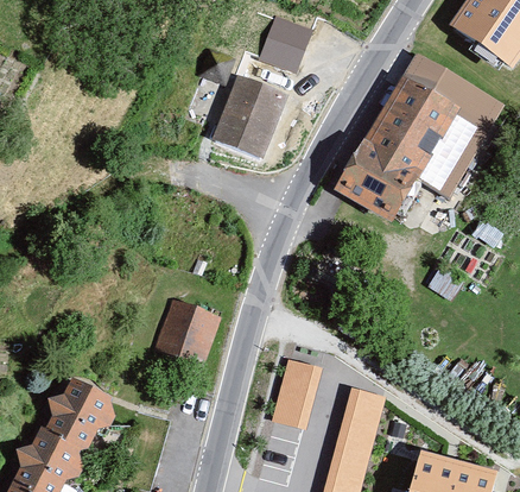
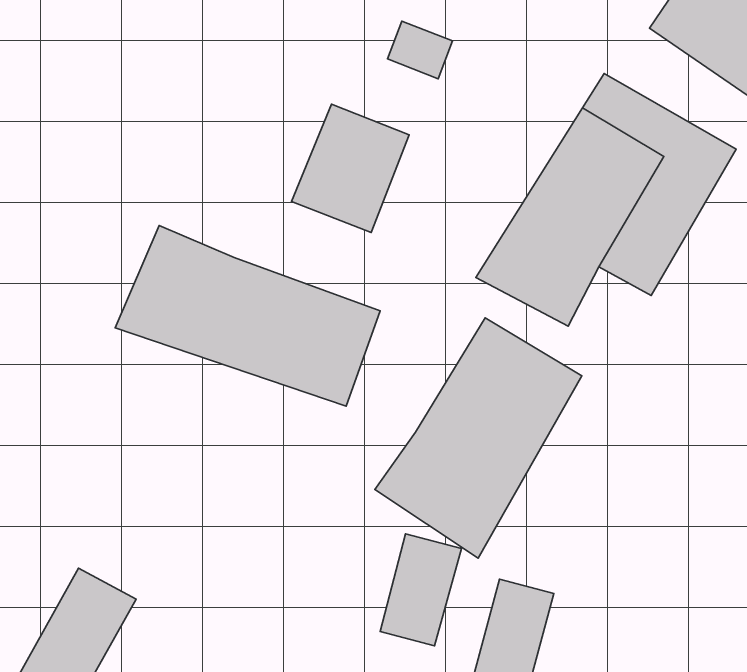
building: none -> [115,226,380,406]
building: none -> [375,318,582,558]
building: [157,302,220,365] -> none

